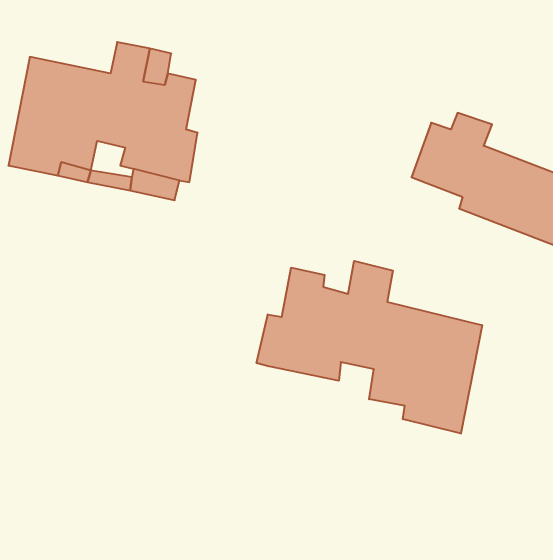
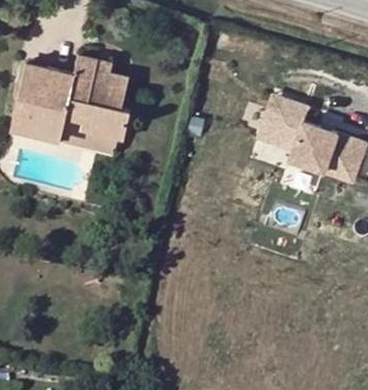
building: [257,261,482,434] -> none

